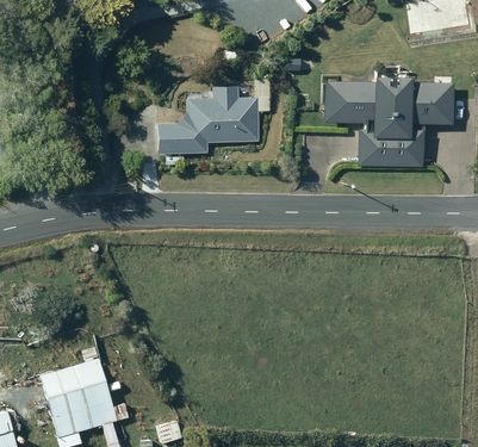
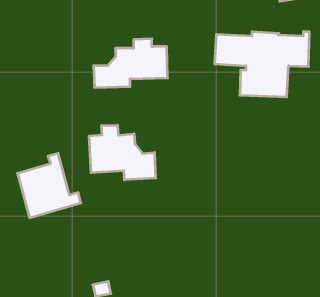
building: none -> [89,125,156,180]
building: [41,347,128,435] -> [17,153,81,218]

